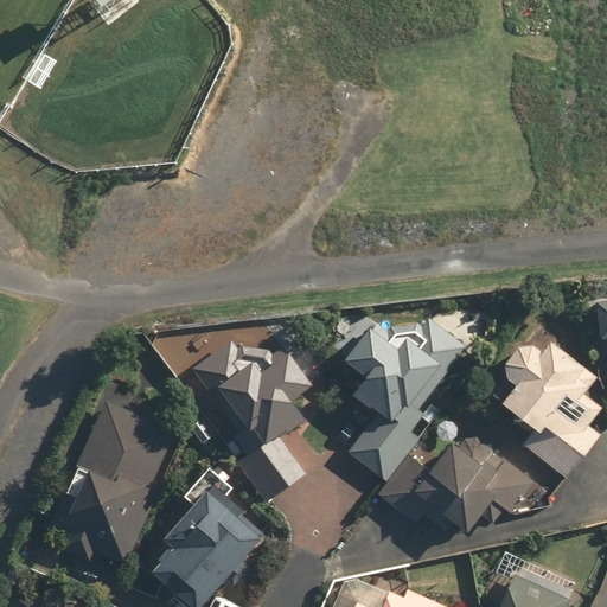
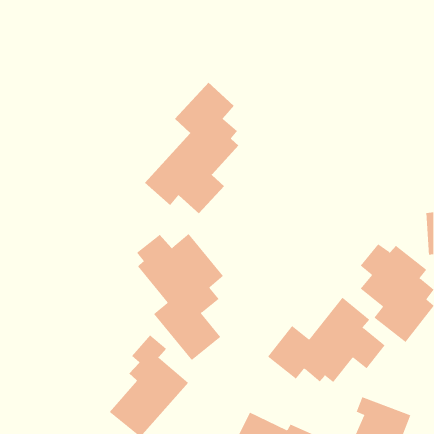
building: none -> [144,82,239,214]
building: [346,306,467,479] -> none
building: [49,394,177,566] -> none

